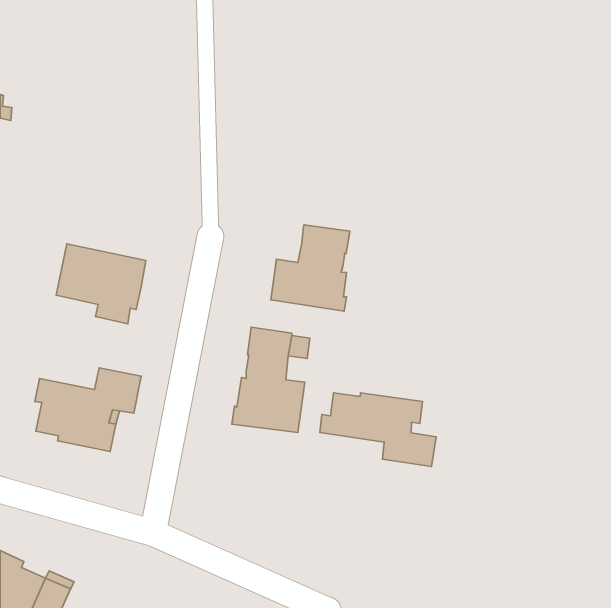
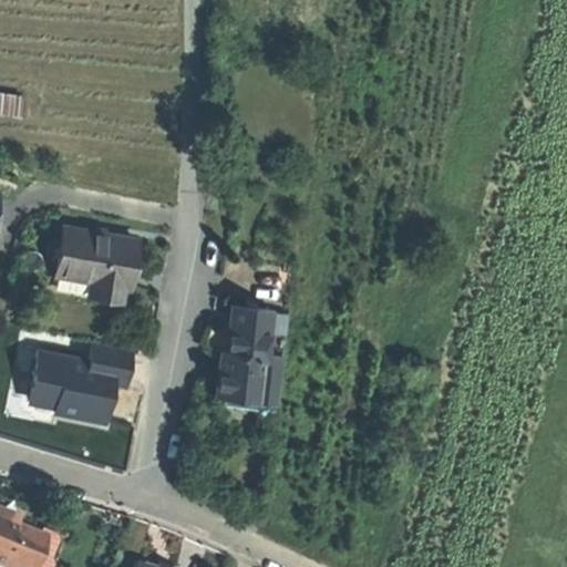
building: [271,225,350,311] -> none
building: [320,393,436,466] -> none

